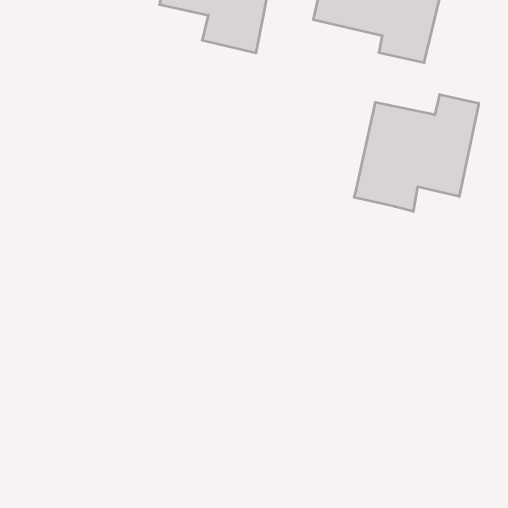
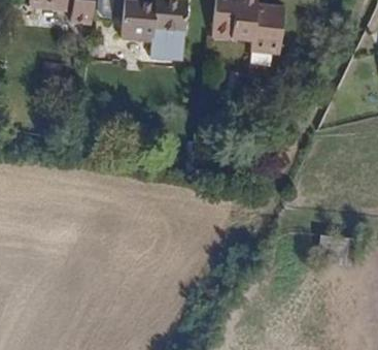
building: [354,94,479,212] -> none

